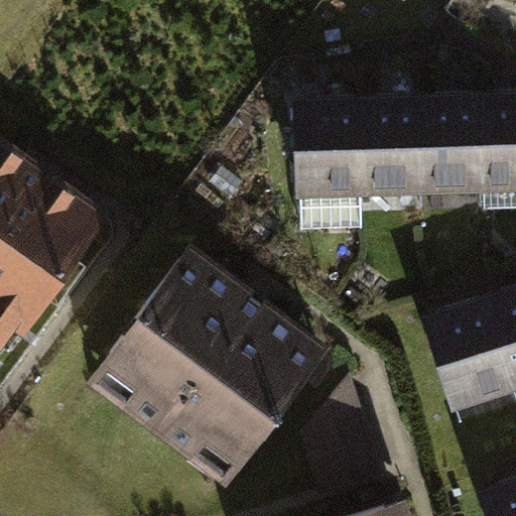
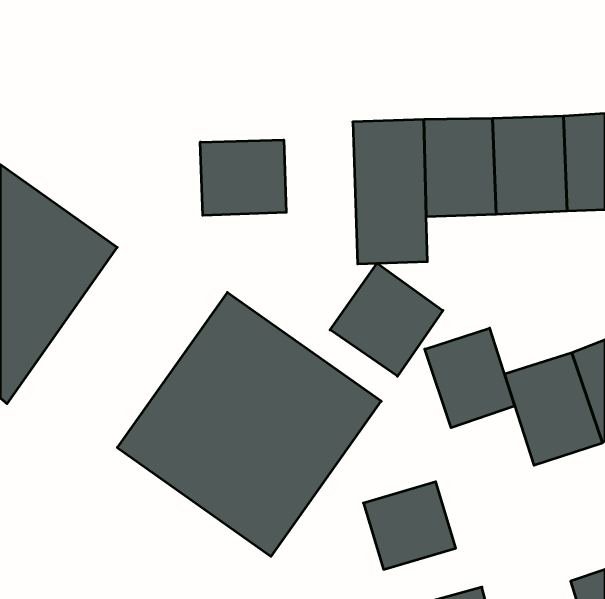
building: none -> [200,140,286,215]
building: none -> [330,263,443,376]
building: none -> [425,328,515,428]

